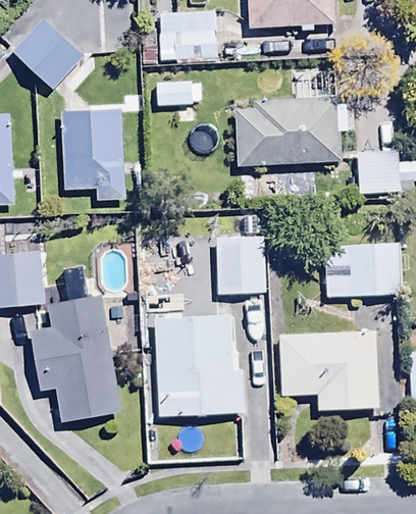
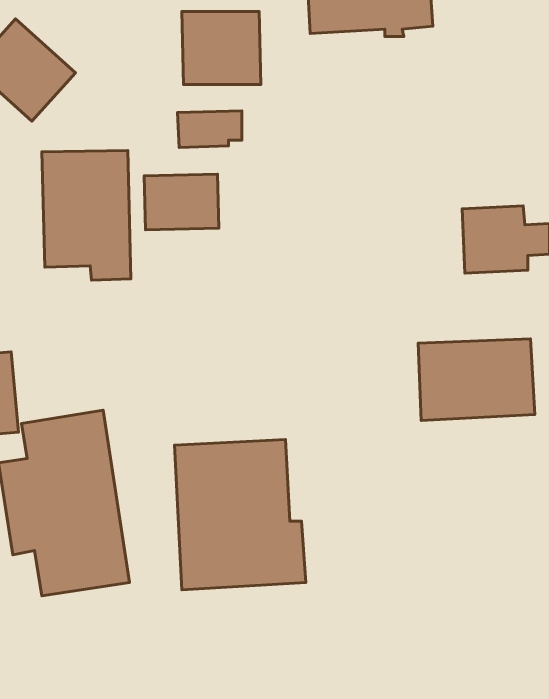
building: [233,95,340,166] -> none
building: none -> [144,174,219,230]
building: [214,234,266,295] -> none
building: [277,327,379,411] -> none

